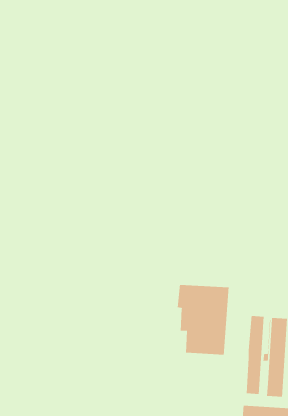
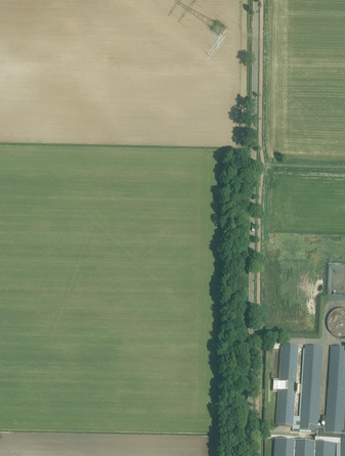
building: [177,284,229,355] -> none

